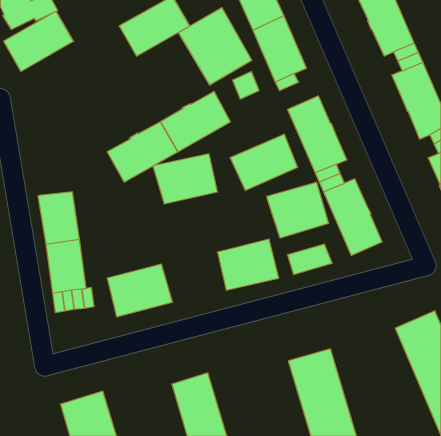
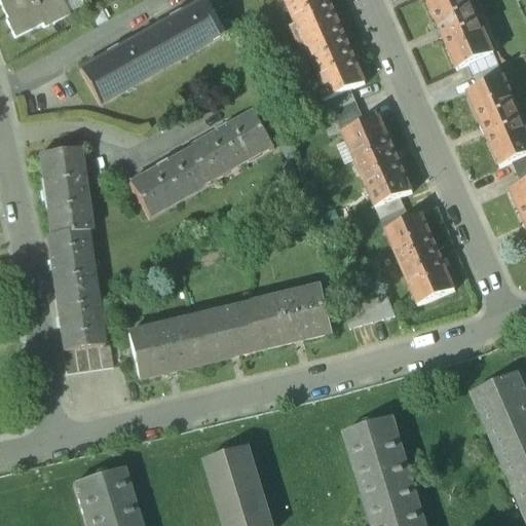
building: [179,8,252,85] -> none
building: [4,11,74,71] -> [79,31,162,103]
building: [232,72,259,99] -> [333,98,365,130]
building: none -> [38,146,90,232]
building: [230,134,297,191] -> none
building: [153,154,218,204] -> [192,300,269,360]
building: [267,182,328,238] -> none

